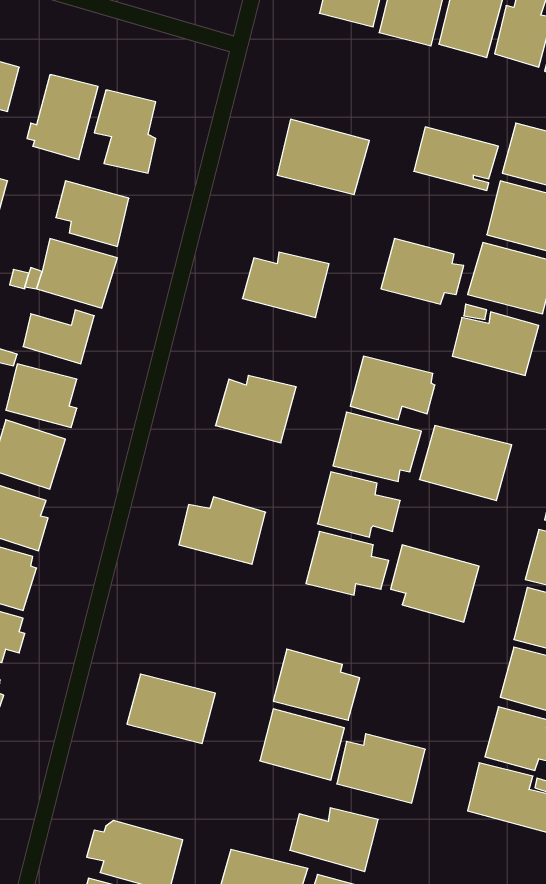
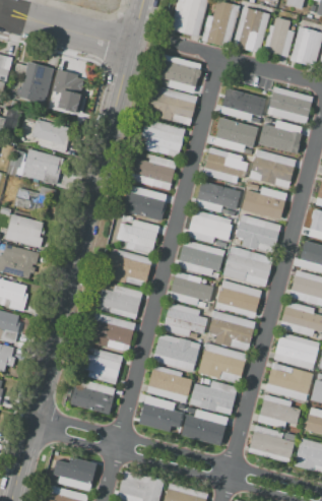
building: none -> [158,55,201,93]
building: none -> [210,117,256,154]
building: none -> [139,120,185,159]
building: none -> [195,182,240,212]
building: none -> [123,186,167,220]
building: none -> [236,214,280,249]
building: none -> [104,248,152,287]
building: none -> [216,280,261,317]
building: none -> [88,313,135,352]
building: none -> [153,333,201,371]
building: none -> [198,343,246,383]
building: none -> [81,347,122,384]
building: [290,808,378,872] -> [190,381,237,415]

